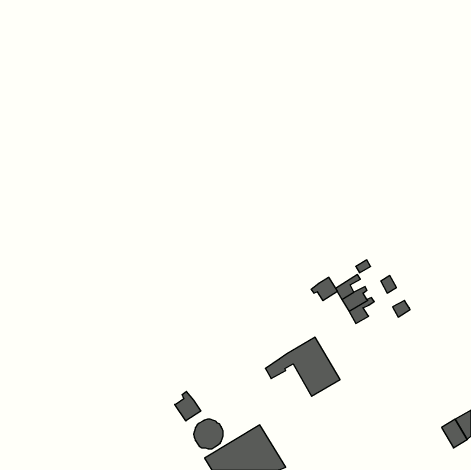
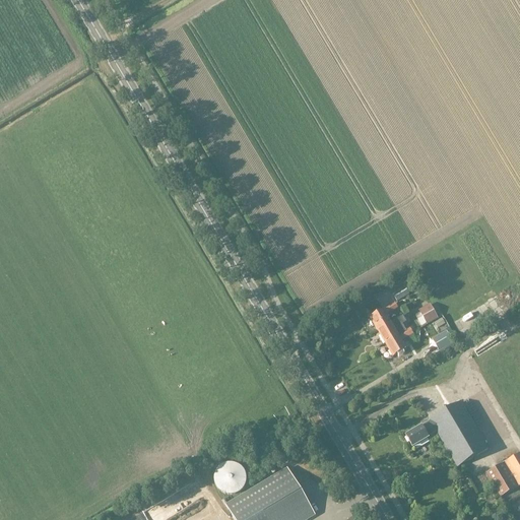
building: [311,277,337,301] -> none
building: [265,337,340,396] -> [405,401,488,466]
building: [175,391,201,421] -> none

